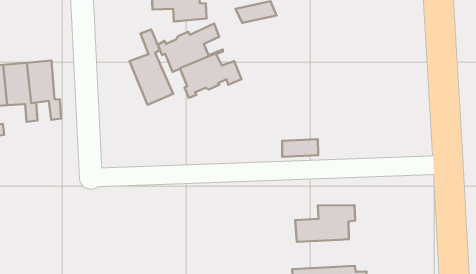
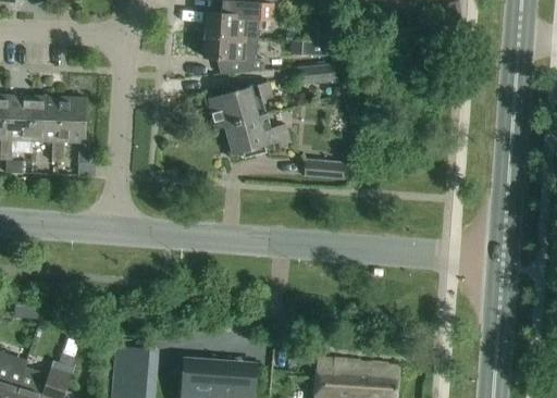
building: [130,30,173,105] -> none
building: [282,139,318,157] -> [302,159,344,179]
building: [295,205,355,242] -> none

